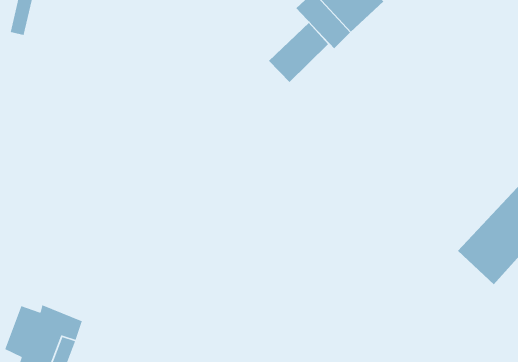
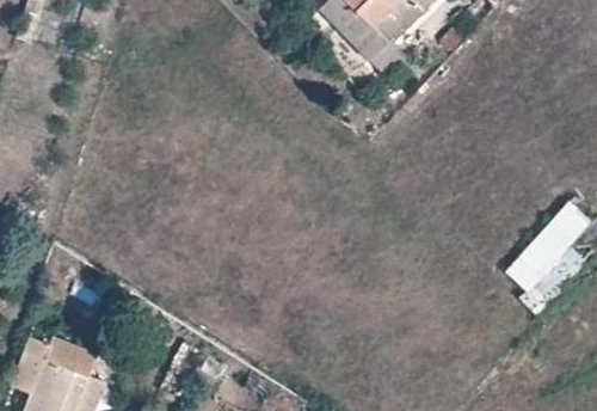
building: [268,22,329,83] -> none

